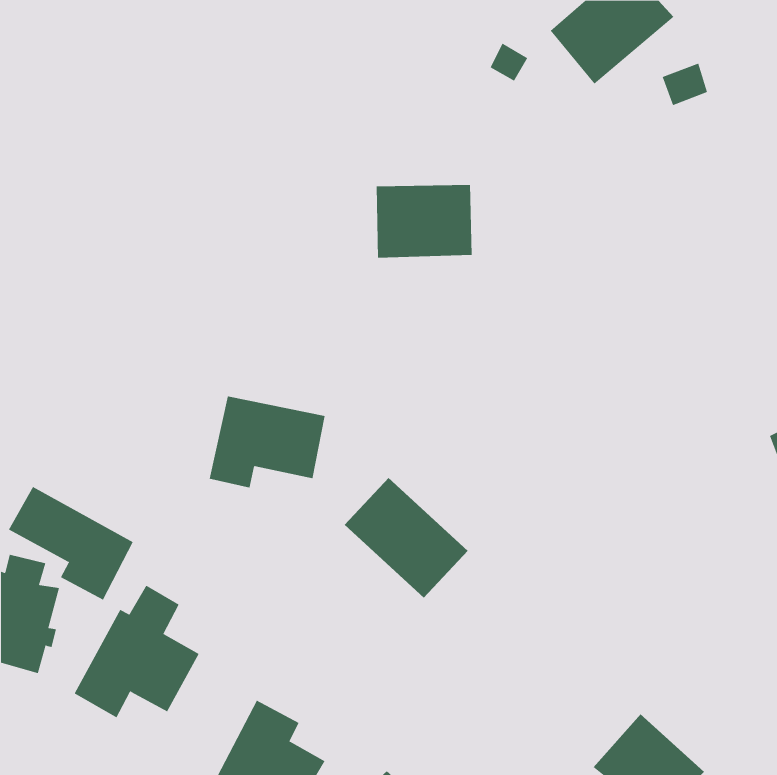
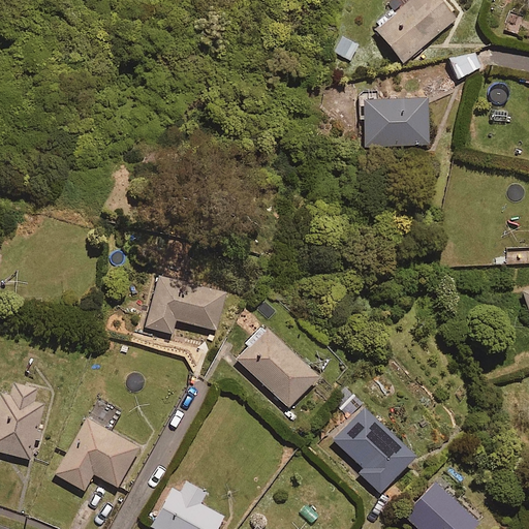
building: [376,185,473,258] -> [363,94,428,144]
building: [8,486,134,601] -> none
building: none -> [336,413,417,498]

